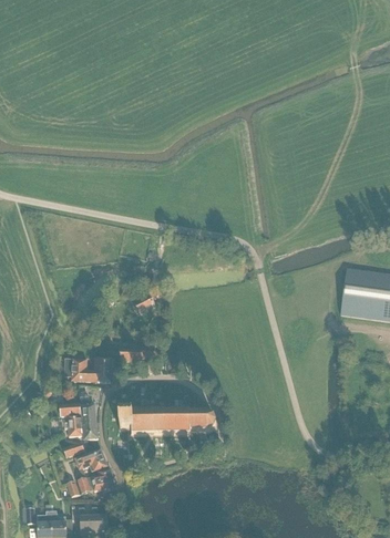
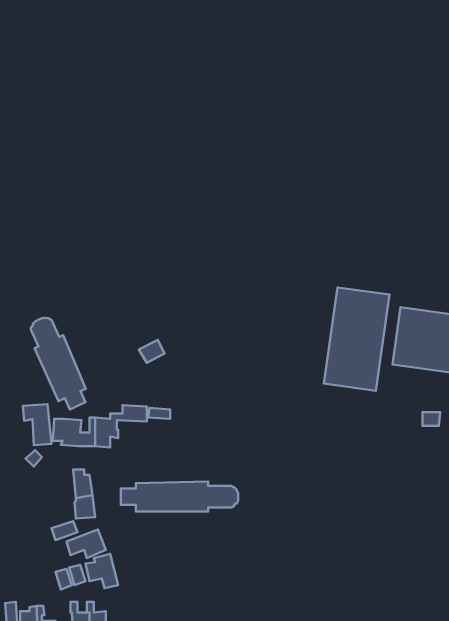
building: none -> [324,287,389,391]
building: none -> [31,318,86,409]
building: [59,403,82,436] -> [23,404,51,445]

